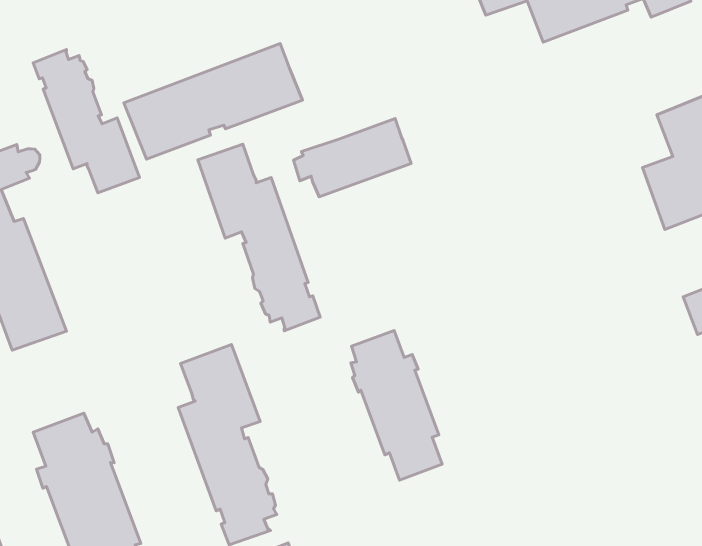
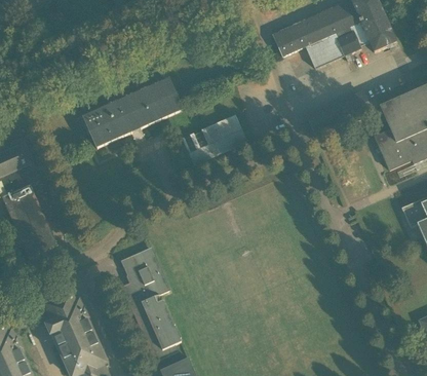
building: [33,49,140,193] -> none
building: [198,144,320,331] -> none
building: [351,330,442,480] -> none

